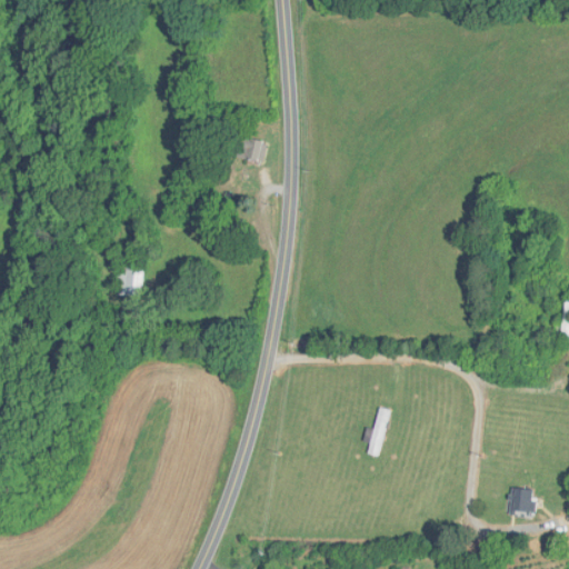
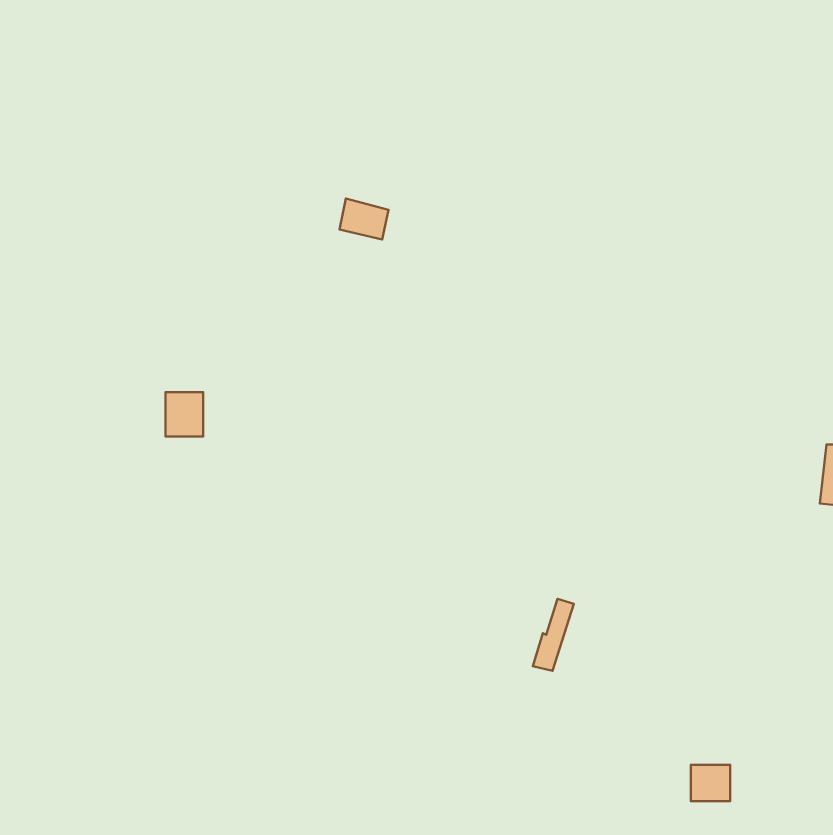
building: [507,489,533,513] -> [691,765,730,801]

